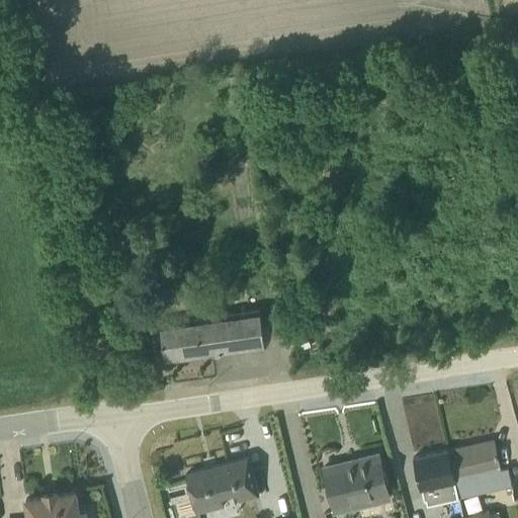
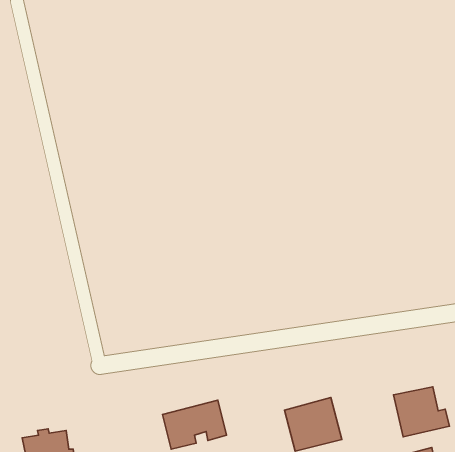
building: [159,312,265,362] -> none
building: [414,452,457,507] -> none

